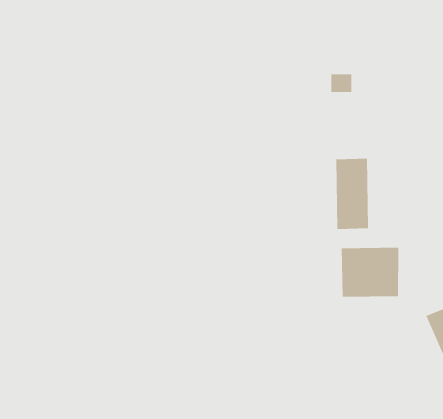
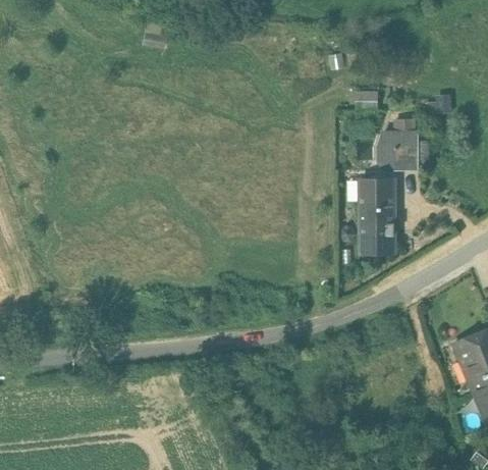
building: none -> [375,130,419,171]
building: [341,247,399,298] -> none

